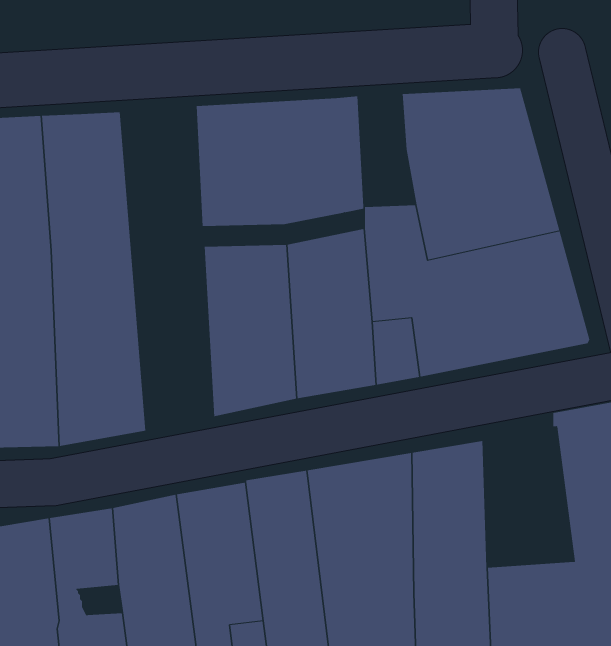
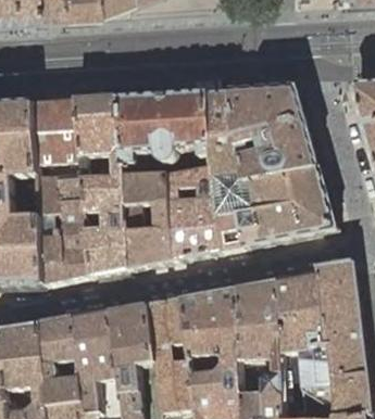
building: none -> [208,89,239,151]
building: none -> [77,96,128,274]
building: none -> [276,271,326,348]

